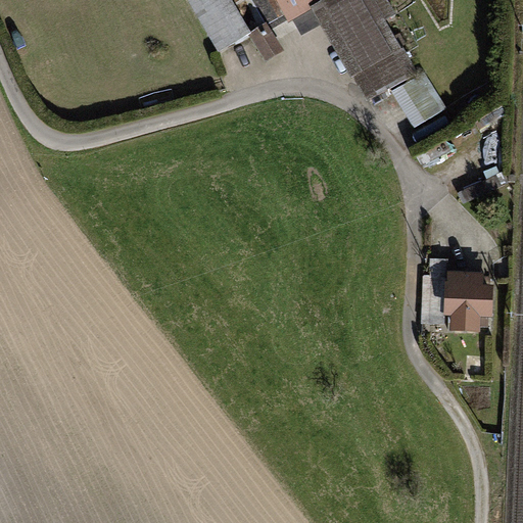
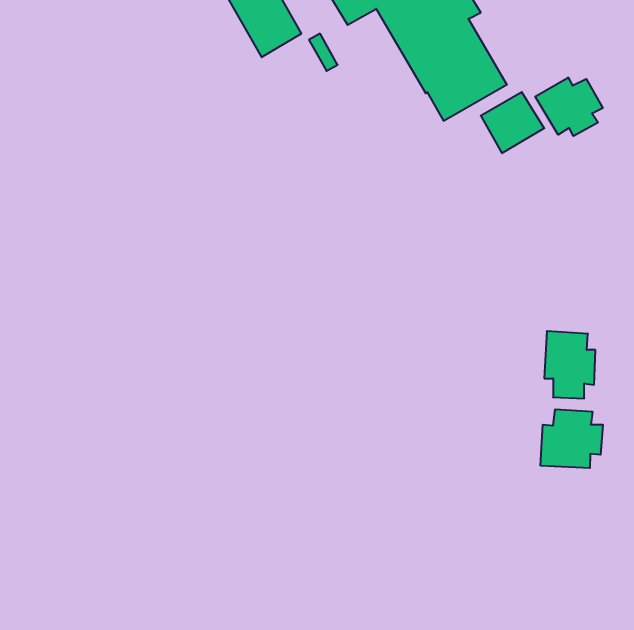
building: none -> [535,77,603,136]
building: none -> [541,409,603,468]

